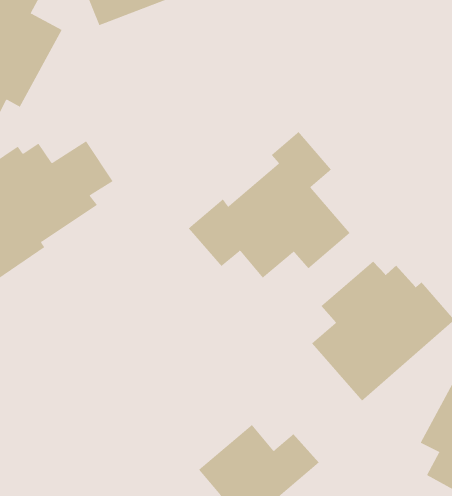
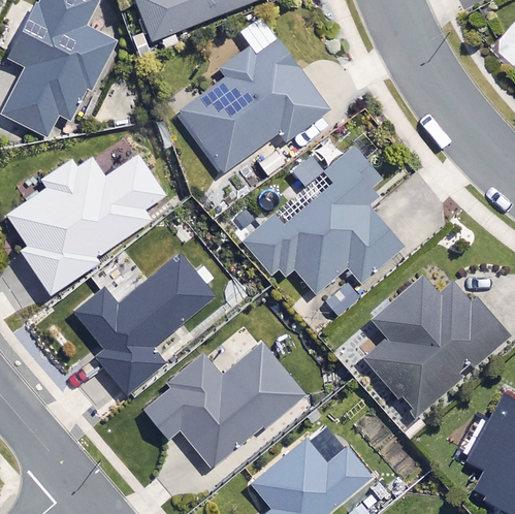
building: none -> [179,39,328,171]
building: none -> [75,254,217,395]
building: none -> [143,345,302,468]

